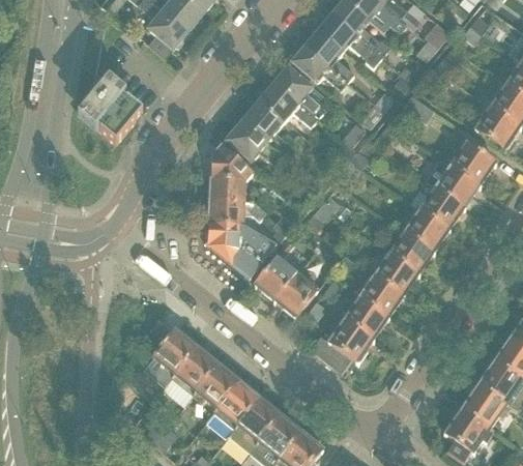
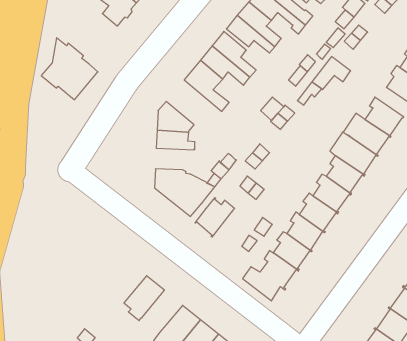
building: [226,120,286,167] -> none
building: [209,199,266,226] -> none
building: [274,272,318,317] -> none
building: [144,328,199,386] -> none
building: [194,362,240,411] -> none

